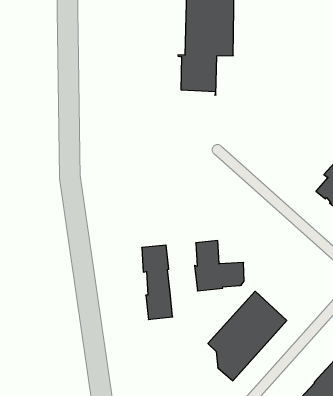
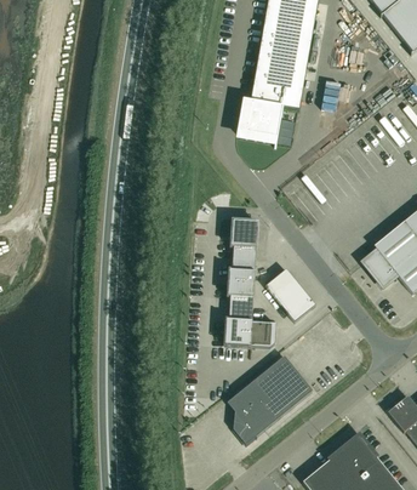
building: none -> [265,267,315,319]
building: [142,245,173,320] -> [228,218,258,295]

